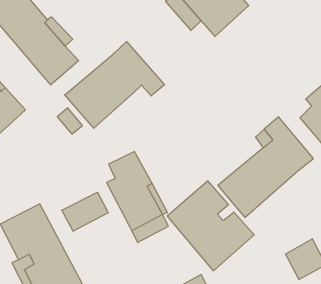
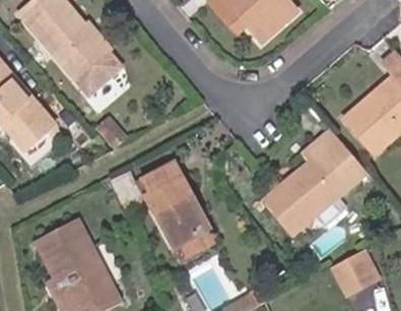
building: [65,42,164,128] -> none
building: [167,181,254,271] -> none
building: [62,192,108,231] -> none

